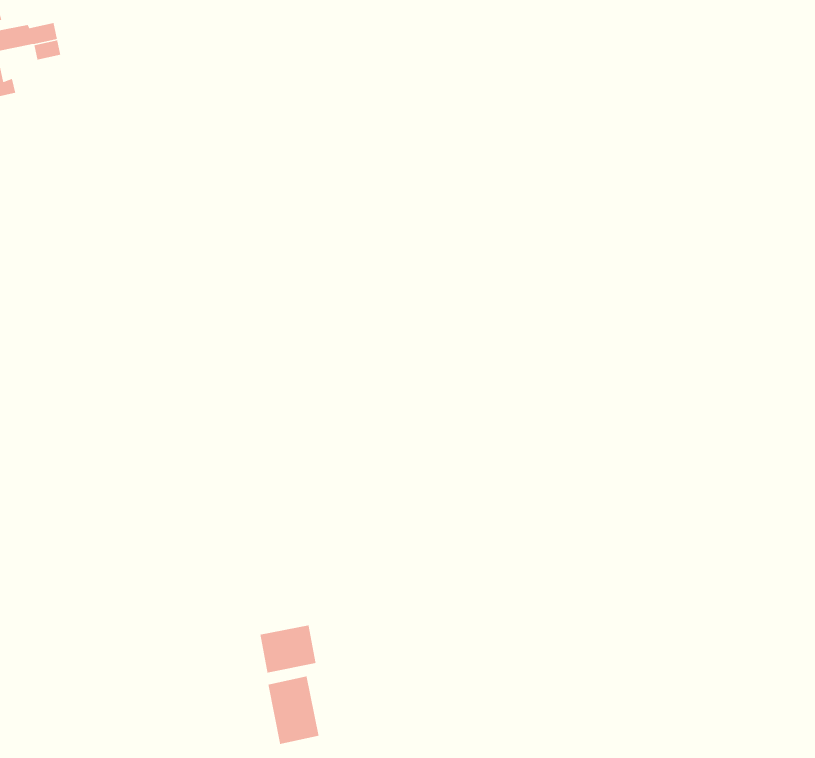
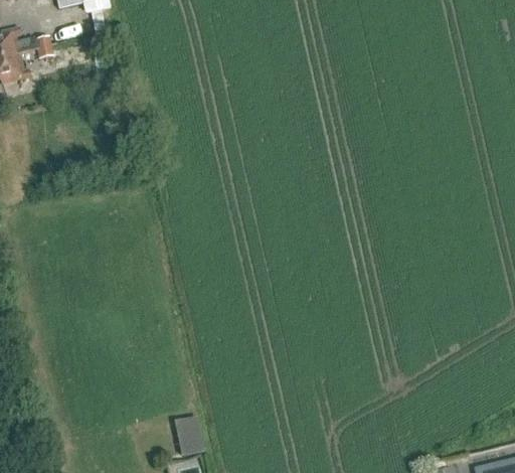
building: [259,624,316,674] -> none

